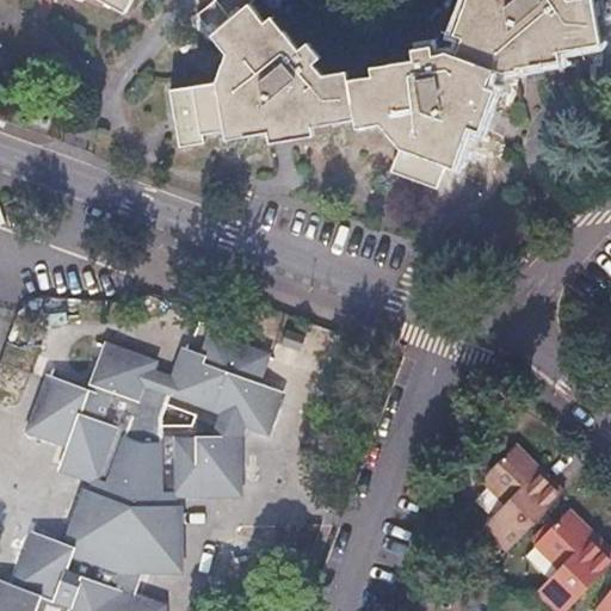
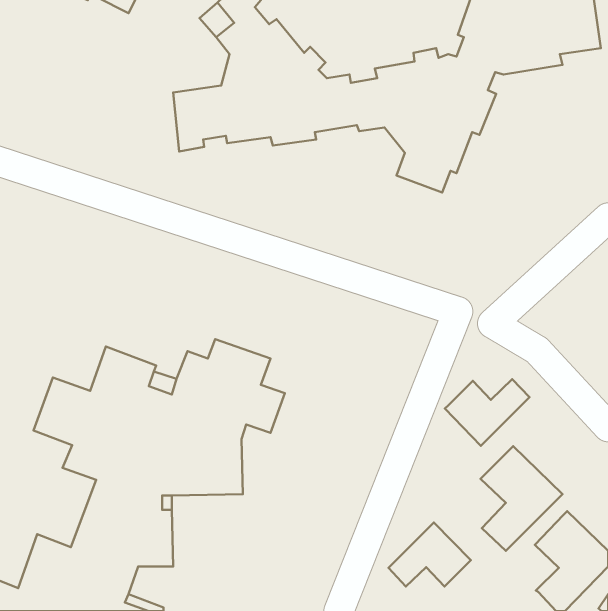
building: none -> [445,379,529,446]
building: none -> [388,523,471,586]

